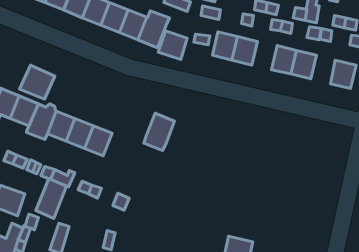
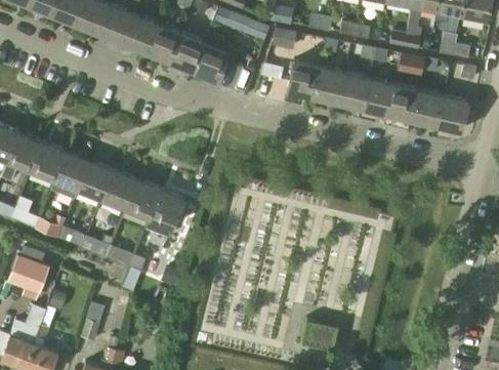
building: none -> [337,73,369,109]
building: none -> [412,90,443,126]
building: [19,65,55,99] -> none
building: [144,113,175,151] -> [145,189,184,236]
building: [36,179,66,219] -> none

